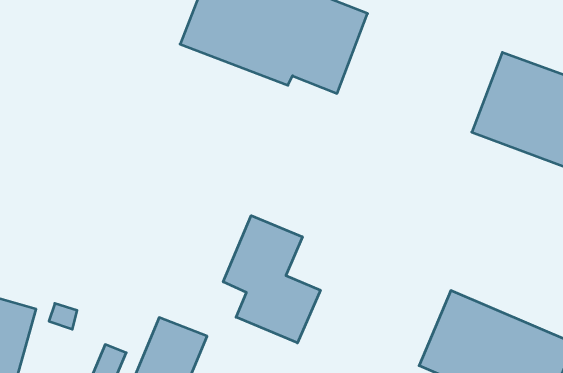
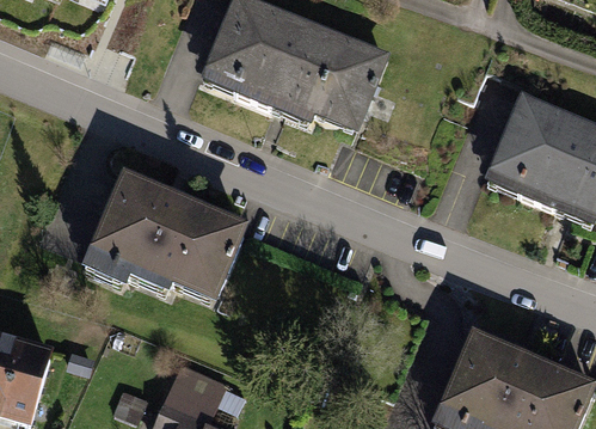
building: none -> [80,173,248,307]
building: [223,216,320,343] -> none

